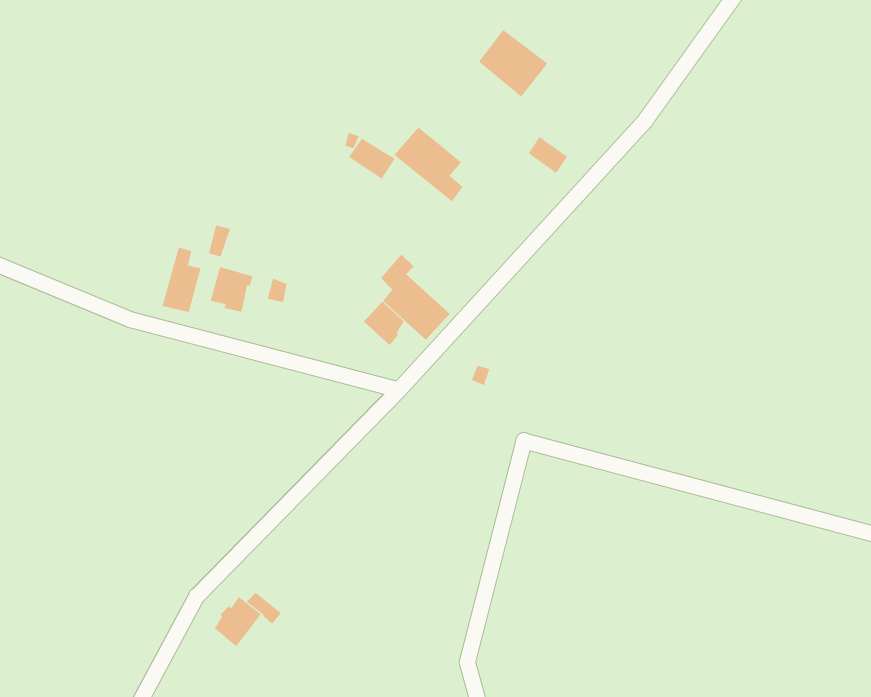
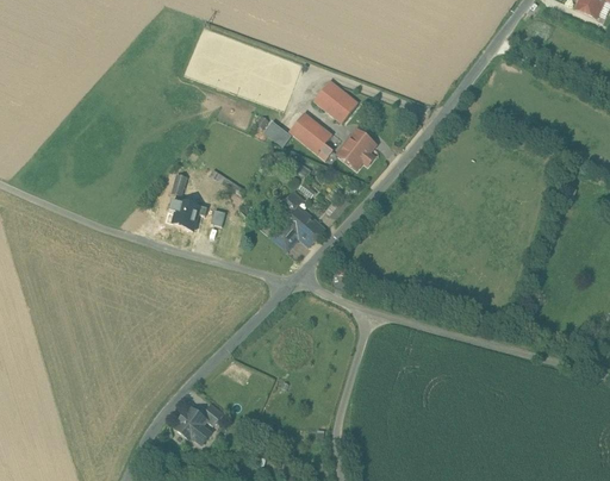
building: [478,29,548,97] -> [313,80,357,123]
building: none -> [335,130,375,169]
building: [162,246,201,313] -> none

